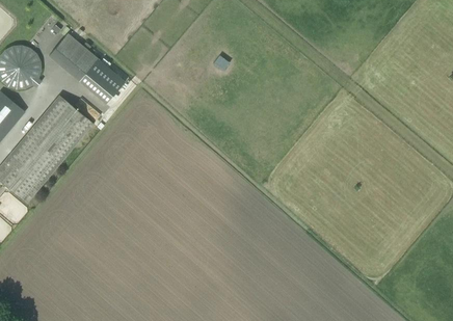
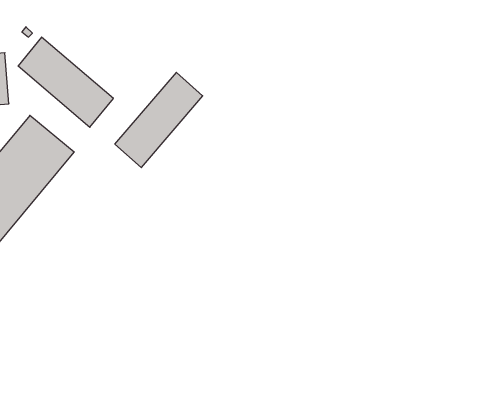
building: none -> [115,72,203,168]

